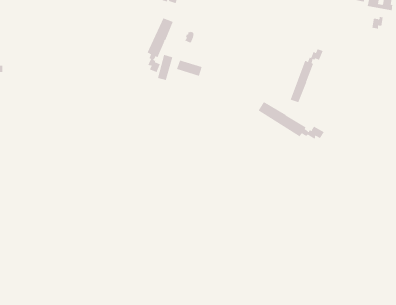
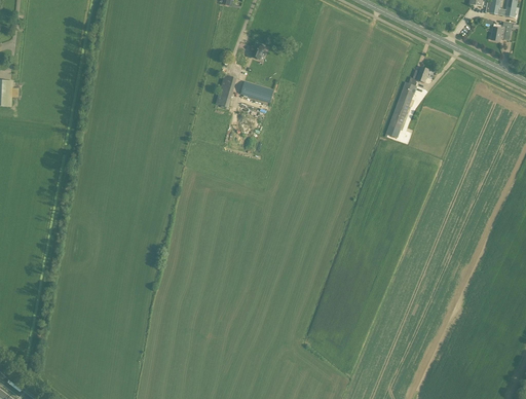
building: [147,17,173,73] -> none
building: [258,101,325,140] -> none

